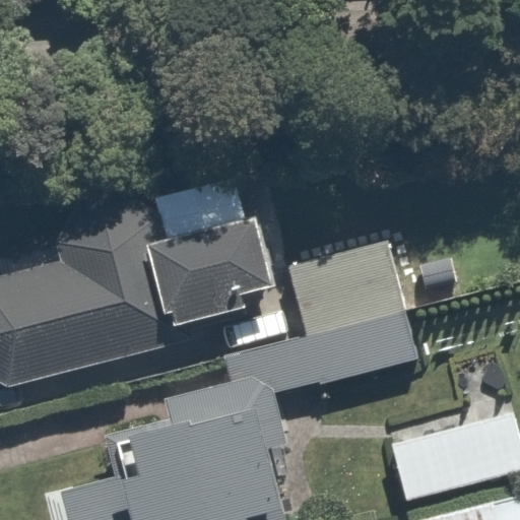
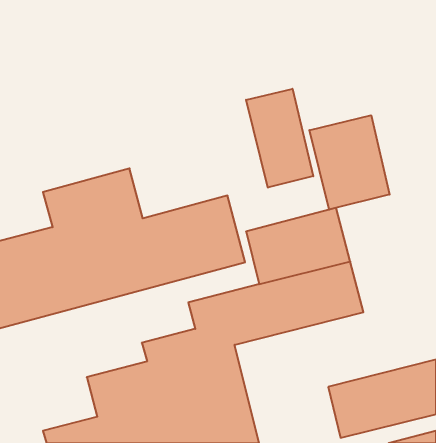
building: none -> [246,89,313,188]
building: none -> [309,115,390,210]

